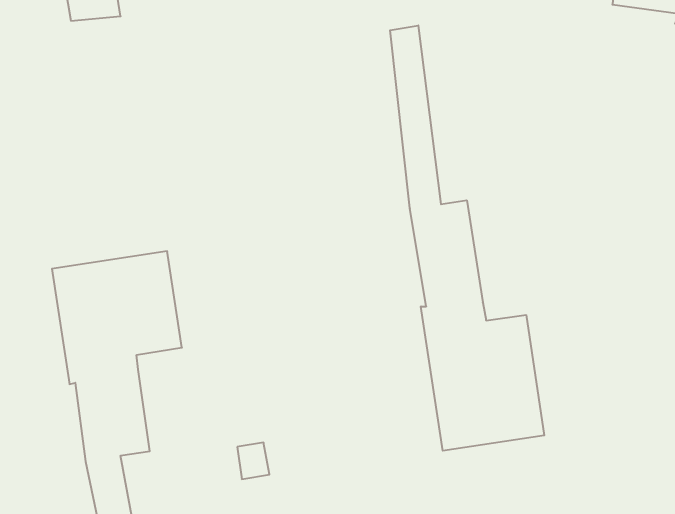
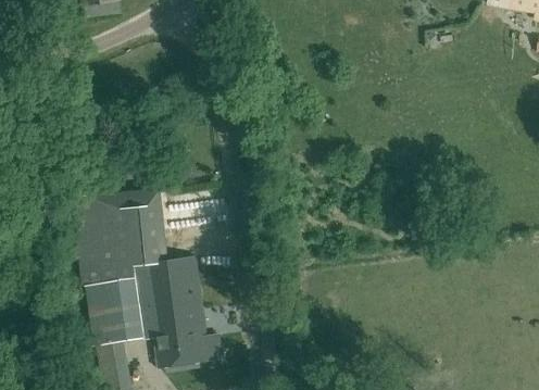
building: [390,25,544,451] -> none
building: none -> [135,256,208,369]

